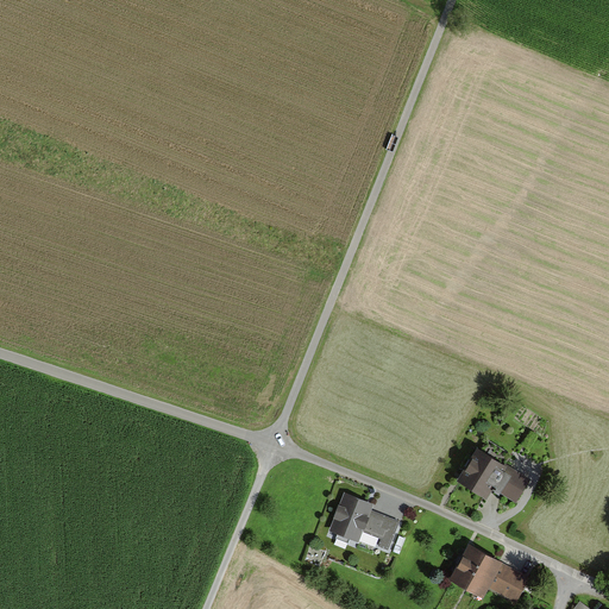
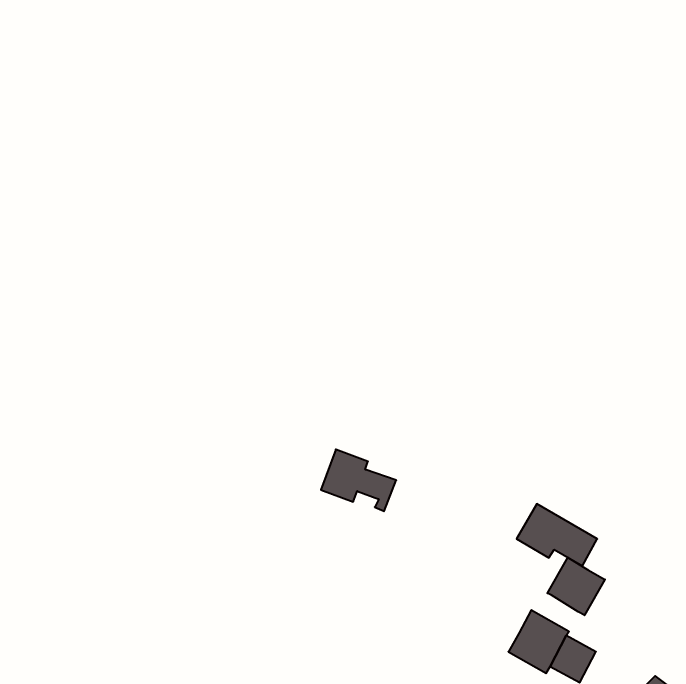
building: [331,495,397,550] -> [321,449,396,511]
building: none -> [547,557,605,615]

